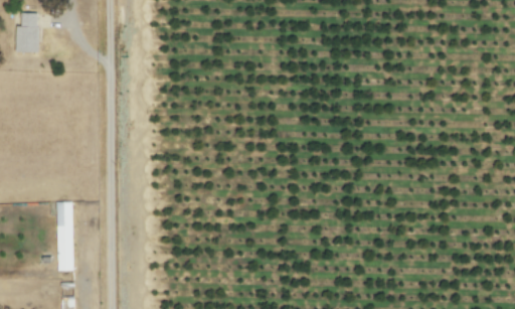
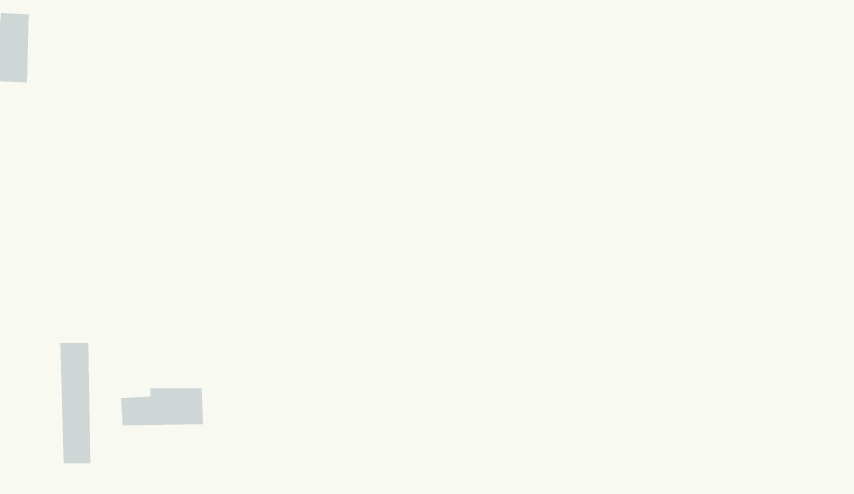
building: none -> [120,388,203,426]

